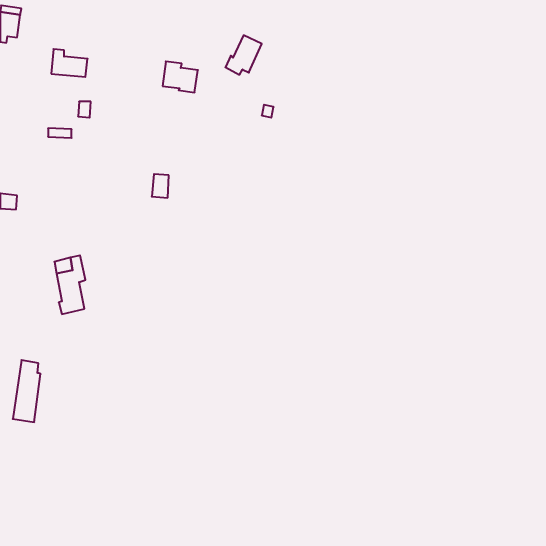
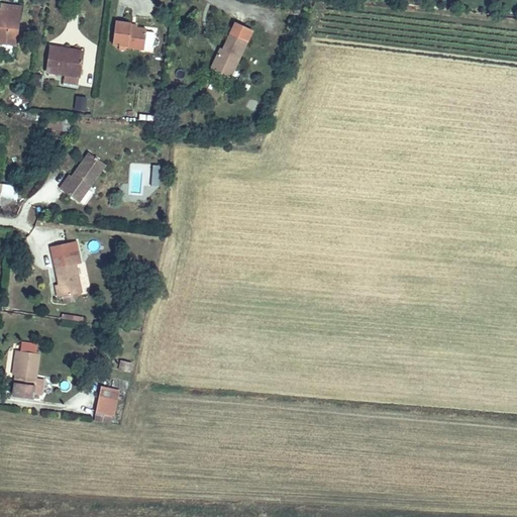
building: [163,61,198,92] -> [113,21,146,50]
building: none -> [62,152,106,202]
building: none -> [95,387,116,422]

